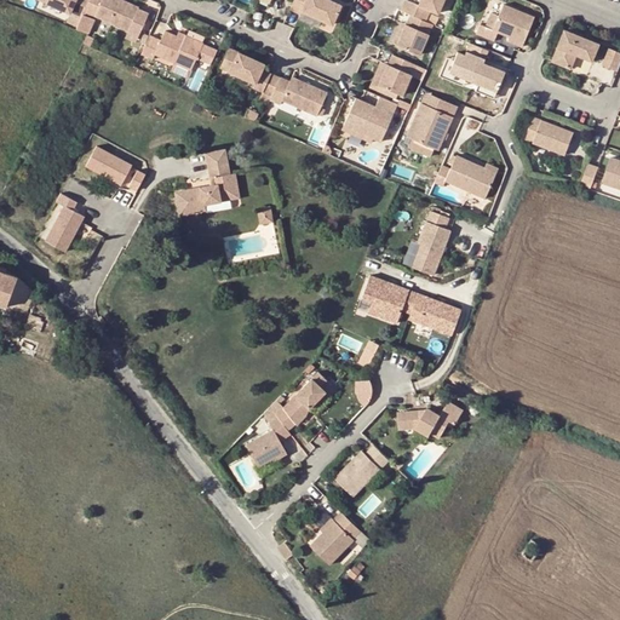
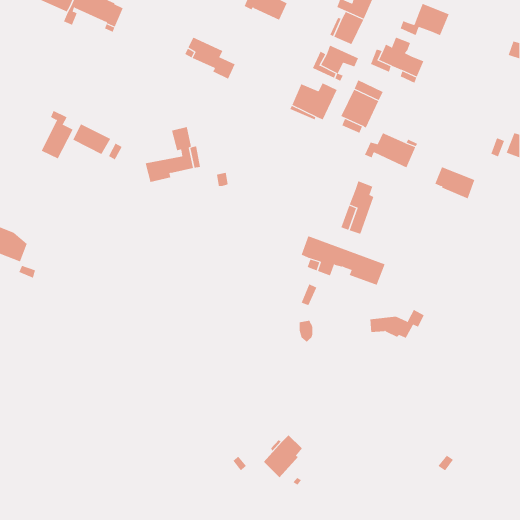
building: [140,29,216,68] -> none
building: [552,30,599,67] -> none
building: [270,75,326,110] -> none
building: [524,117,573,156] -> [434,166,475,199]
building: [46,194,85,252] -> [41,110,74,159]
building: [251,380,332,473] -> none
building: [397,402,463,437] -> [370,309,425,339]
building: [335,448,389,499] -> none

